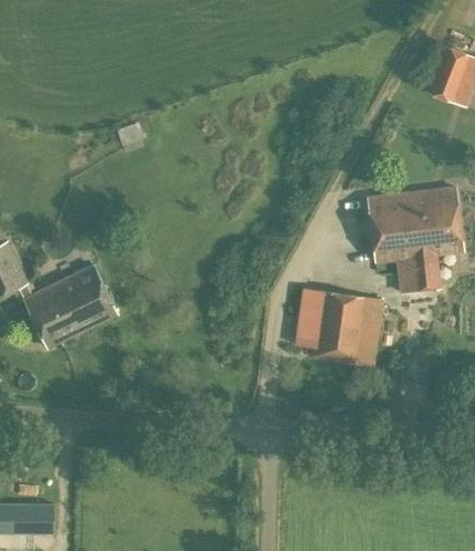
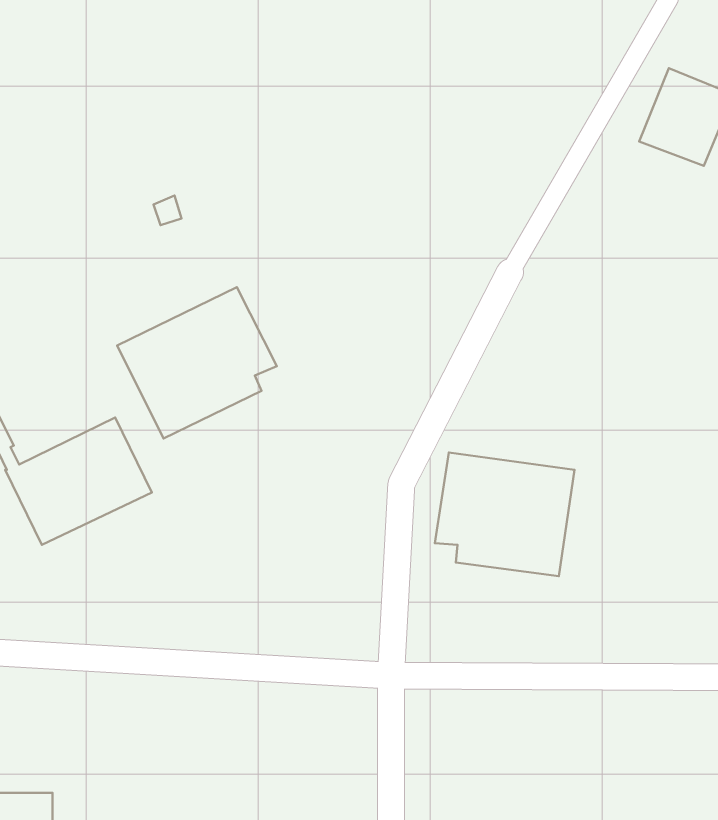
building: none -> [117,287,277,438]
building: [367,190,462,292] -> none

